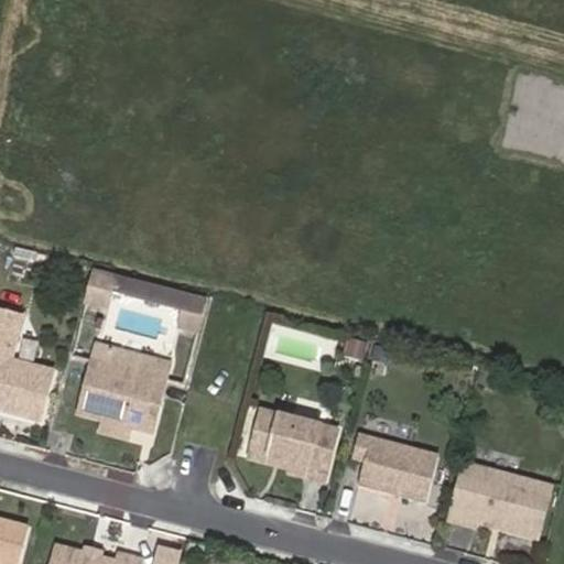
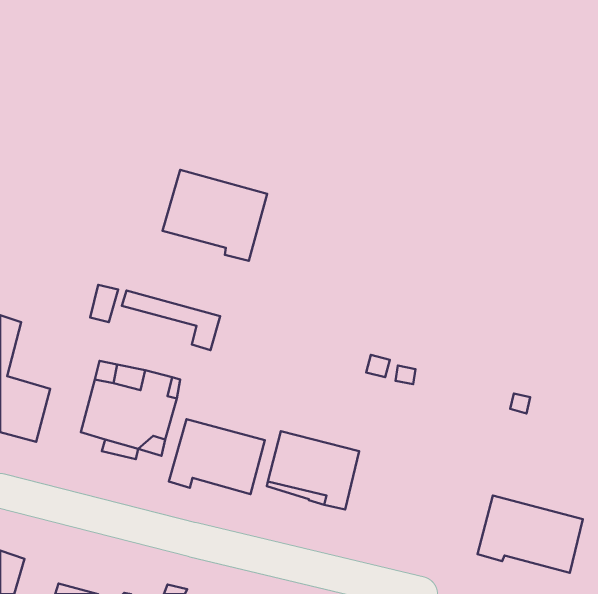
building: none -> [162,170,267,261]
building: none -> [169,419,265,494]
building: [356,435,438,503] -> none

